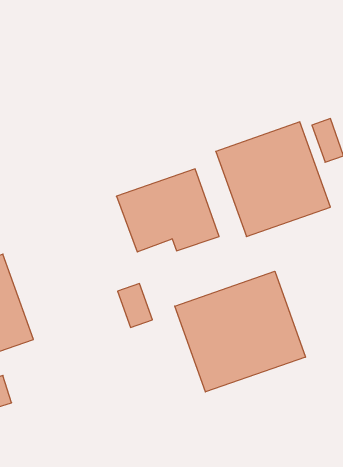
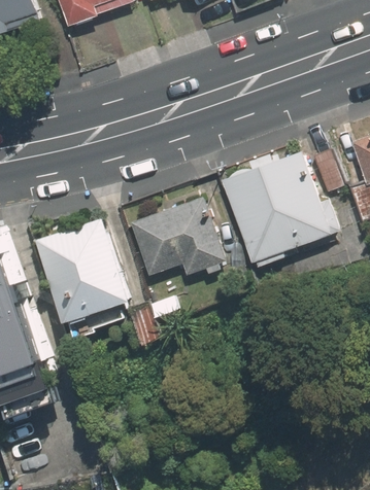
building: none -> [37,216,132,337]
building: [175,271,305,392] -> none

